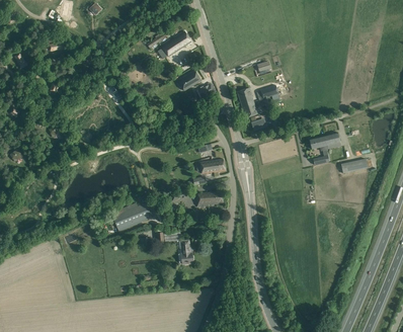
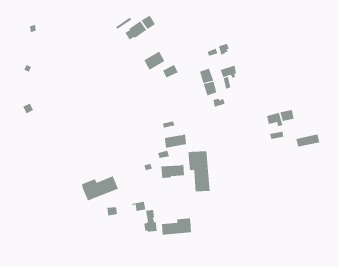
building: none -> [188,150,210,192]
building: none -> [162,218,192,235]

